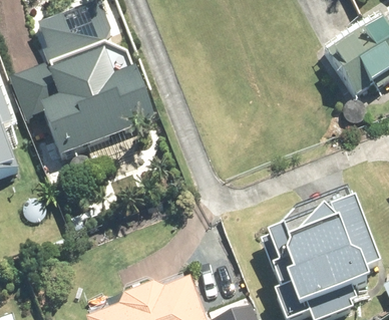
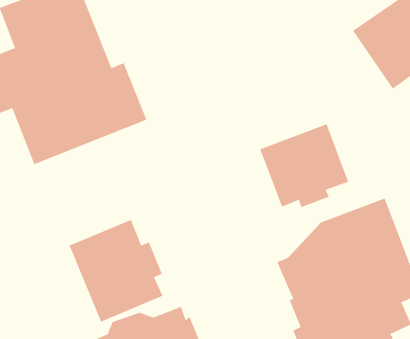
building: none -> [260,124,349,208]
building: none -> [69,219,163,322]

